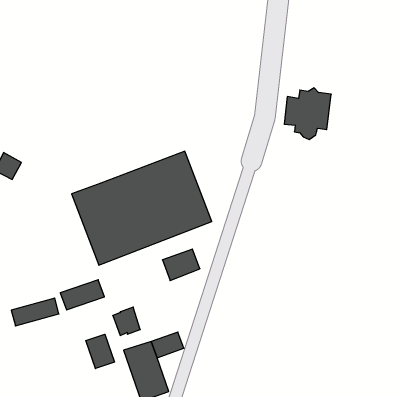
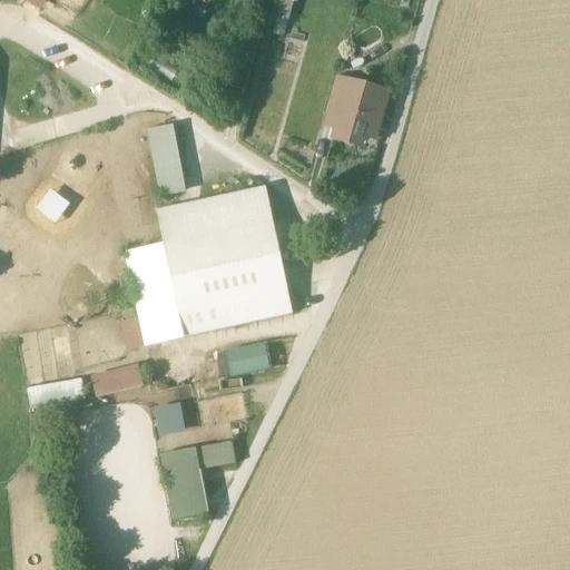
building: none -> [147,124,186,197]
building: [284,88,331,139] -> [323,82,386,145]
building: none -> [157,186,273,244]
building: [86,334,115,369] -> none

